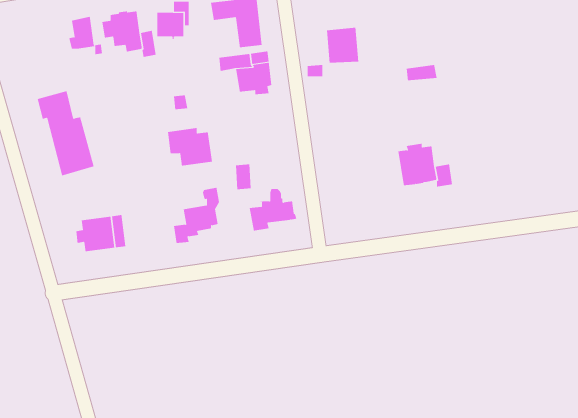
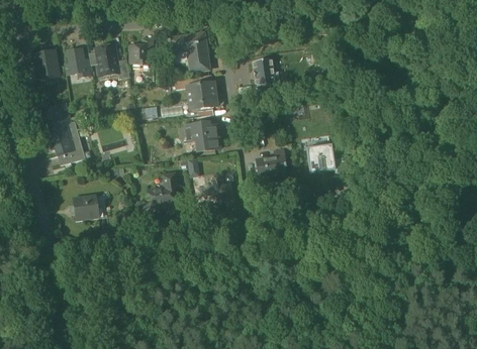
building: none -> [35,52,58,77]
building: [167,128,213,166] -> [186,122,219,150]
building: none -> [256,155,286,180]

